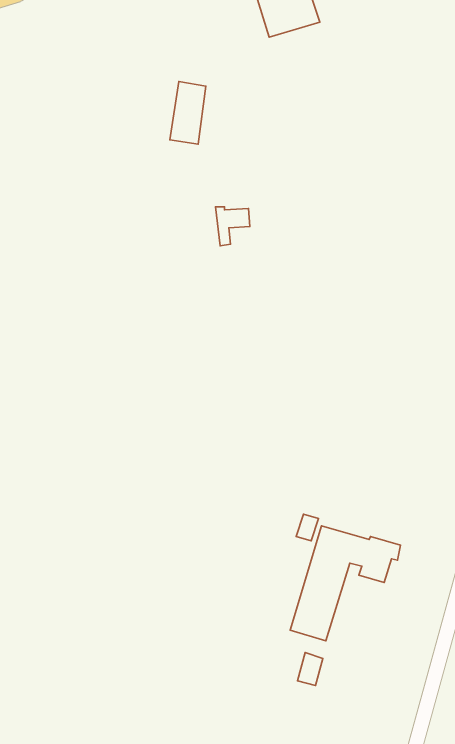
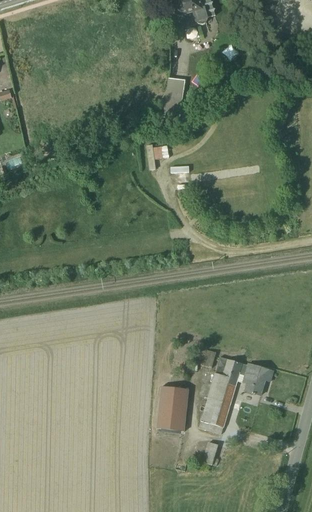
building: [170,82,206,144] -> [163,76,187,118]
building: none -> [156,385,189,432]

